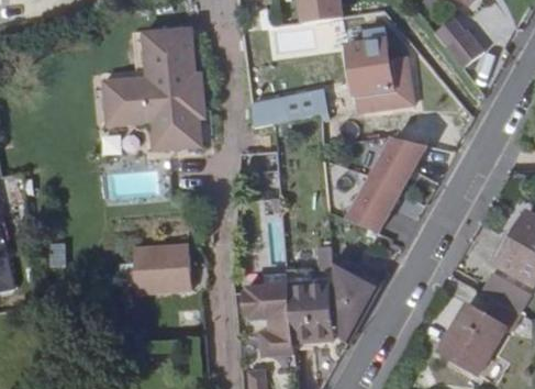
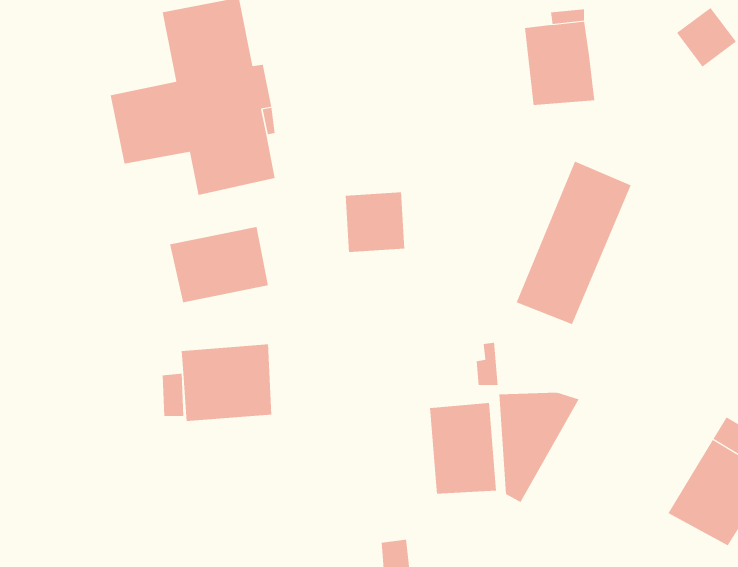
building: [356,58,417,115] -> none
building: [247,91,323,120] -> none
building: none -> [169,226,268,303]
building: [244,262,296,357] -> none

